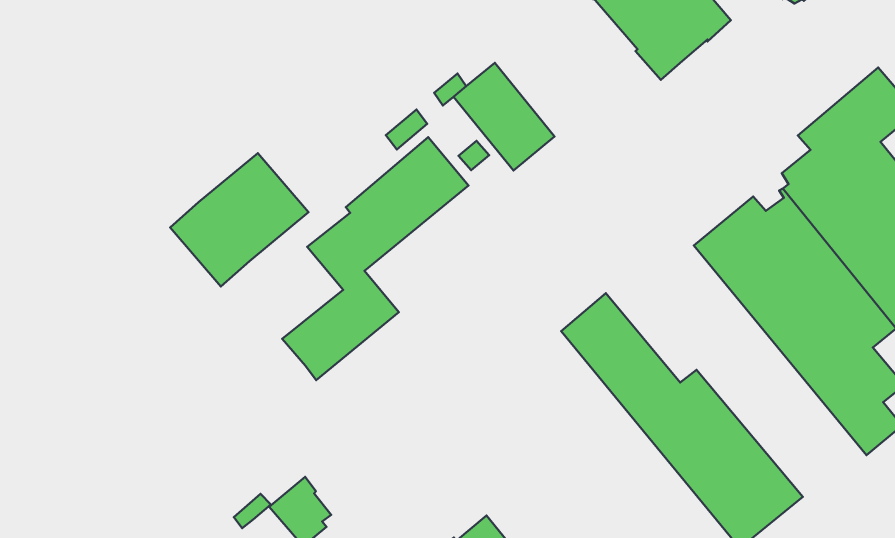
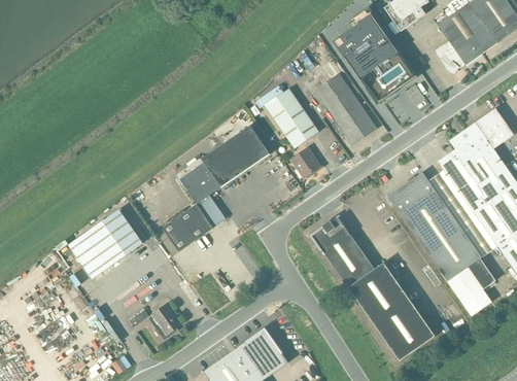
building: none -> [314,72,376,144]
building: [170,153,309,286] -> [67,208,142,278]
building: none -> [291,148,323,177]

